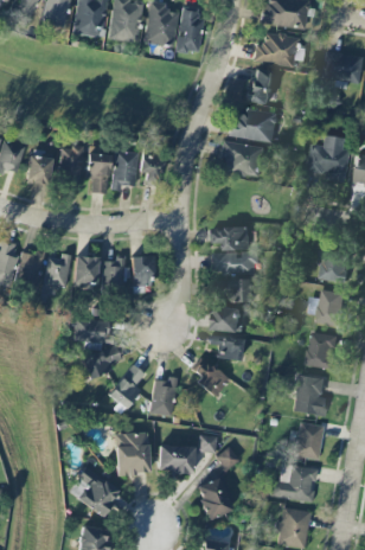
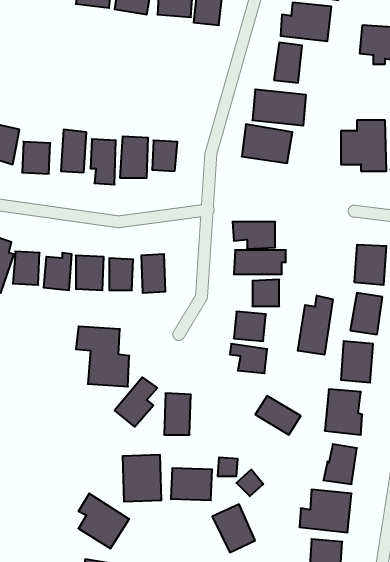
building: none -> [298,295,333,355]
building: [188,359,229,394] -> [255,396,301,435]

